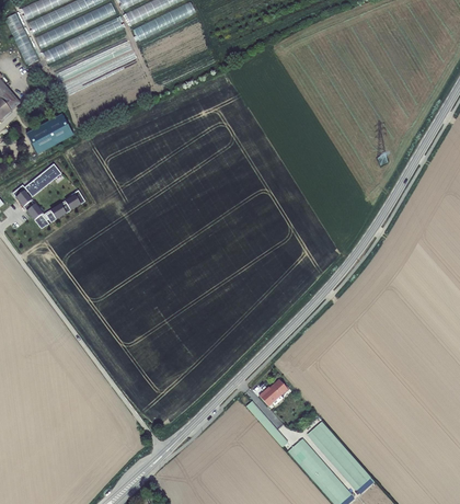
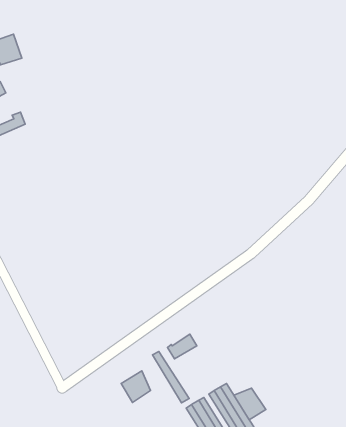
building: none -> [234,388,266,420]
building: none -> [121,371,151,402]

